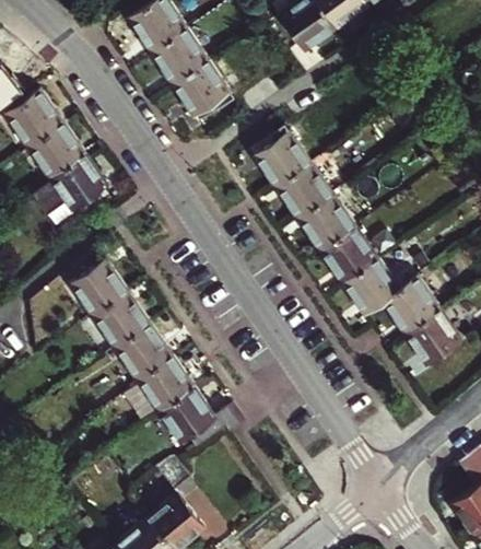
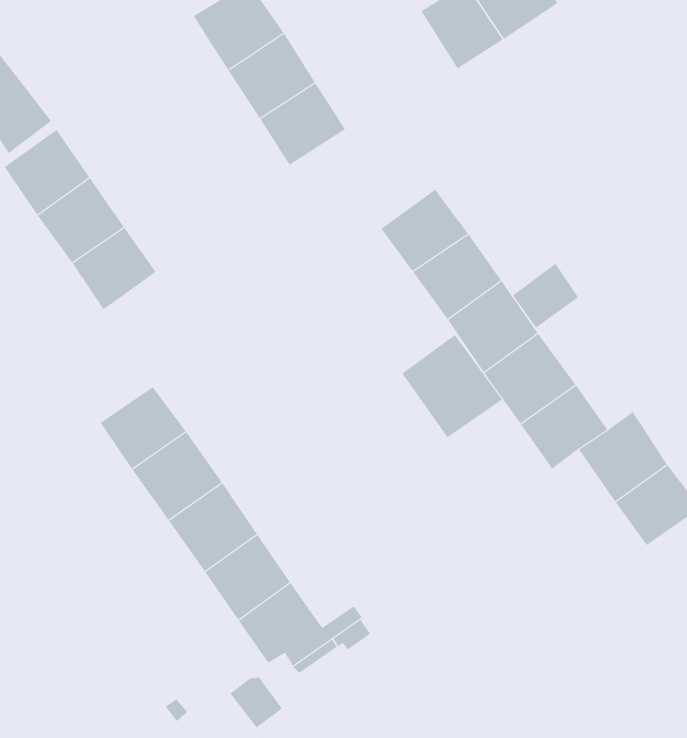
building: none -> [512,263,579,328]
building: none -> [401,334,503,438]

